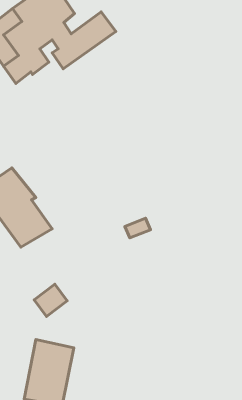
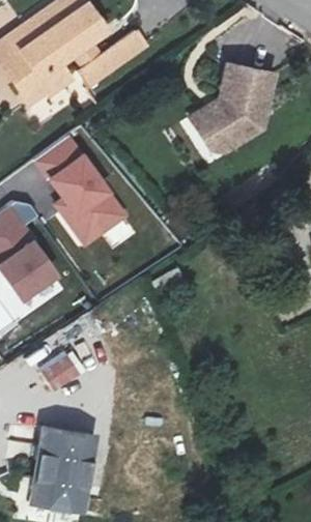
building: none -> [188,63,270,148]
building: none -> [40,141,137,255]

